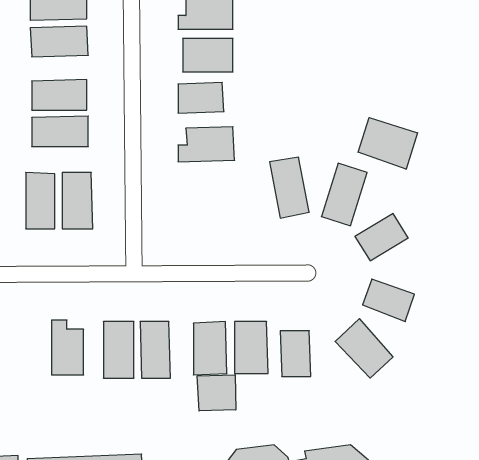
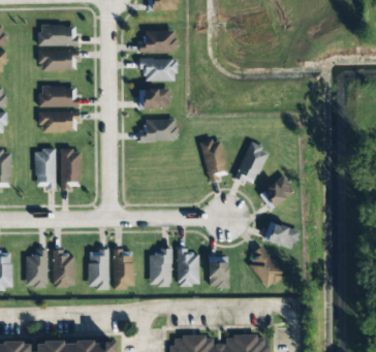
building: [358,118,418,169] -> none
building: none -> [25,250,46,286]
building: [197,375,236,411] -> none

